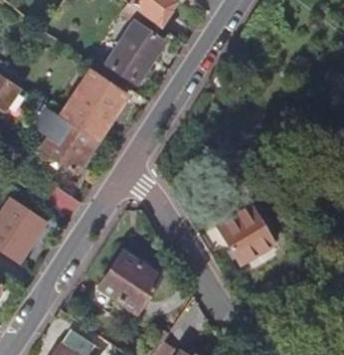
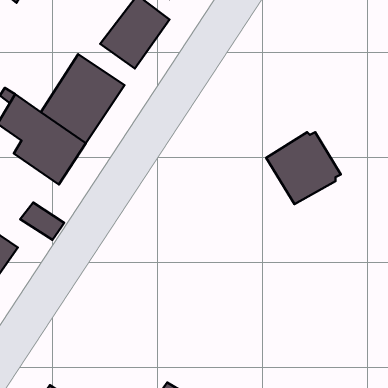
building: [217,205,276,261] -> [266,132,341,204]
building: [100,249,161,309] -> none

